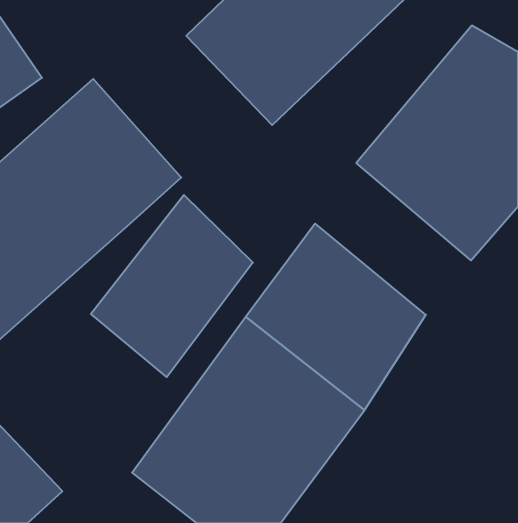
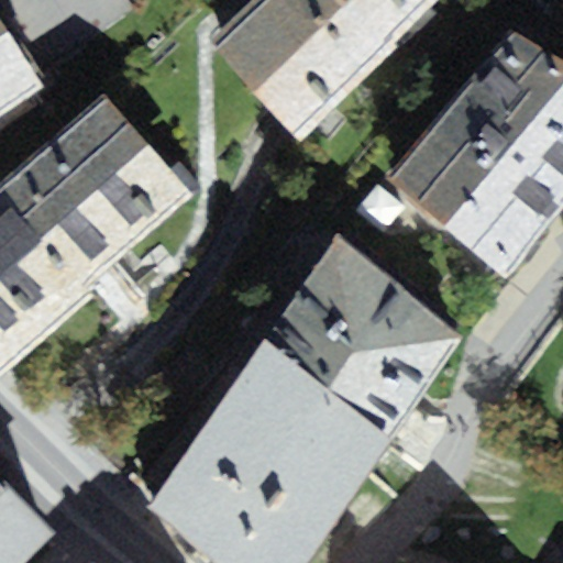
building: [91,195,253,377] -> none

